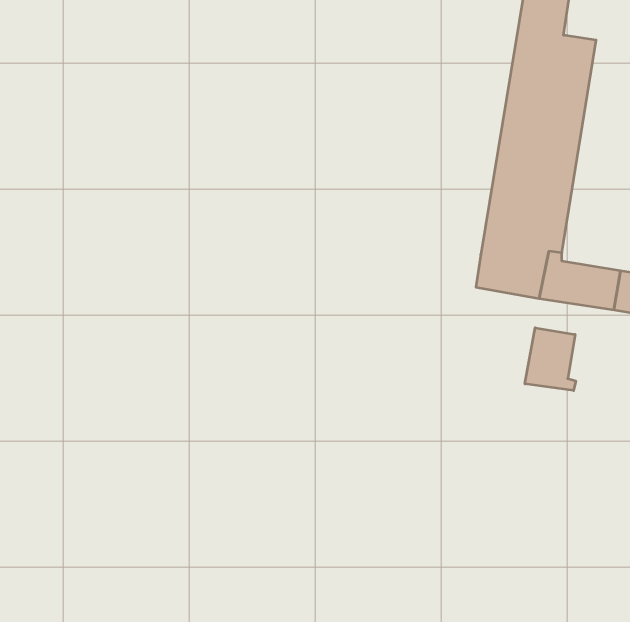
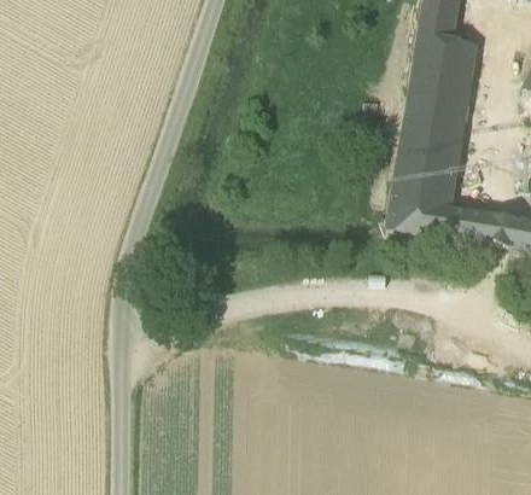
building: [525,328,576,391] -> none

